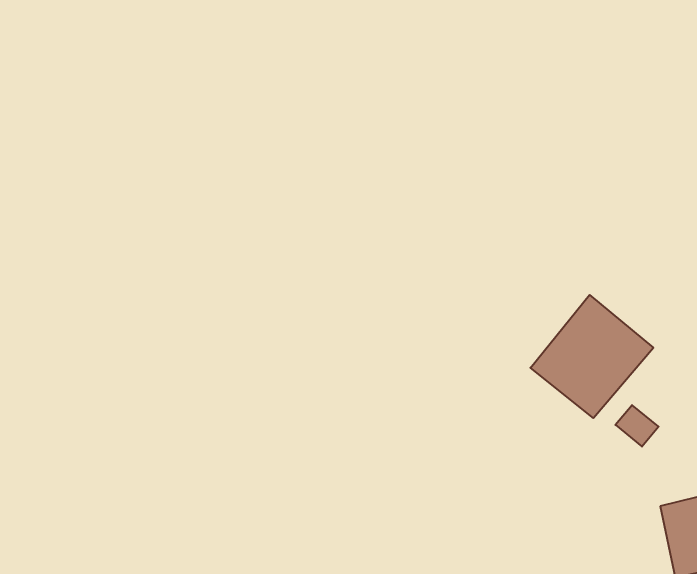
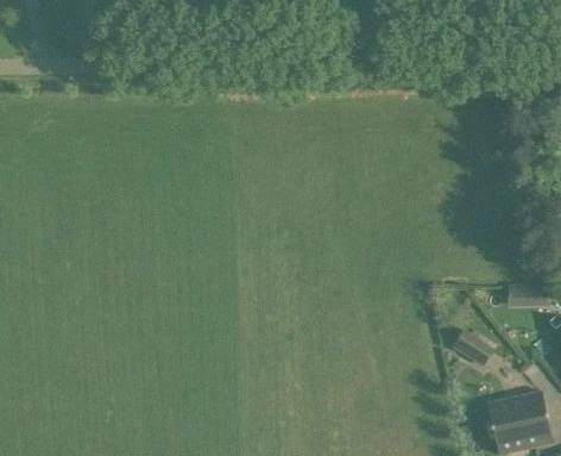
building: [530,295,653,418] -> none

